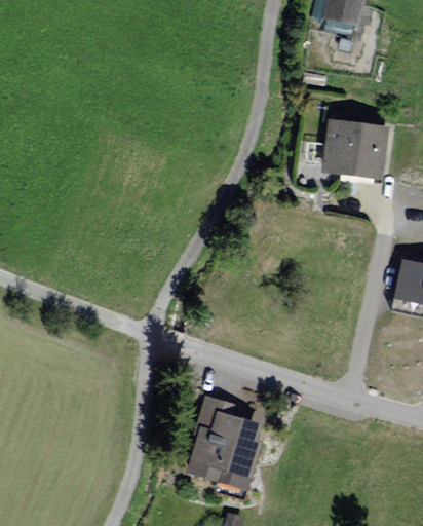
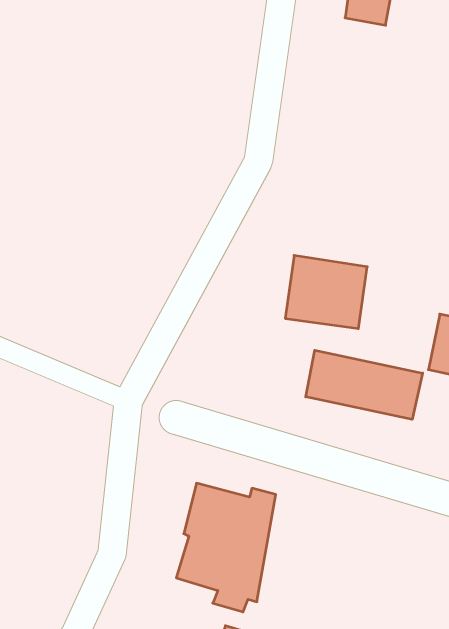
building: [322,118,389,178] -> [285,255,367,329]
building: none -> [306,350,423,419]

